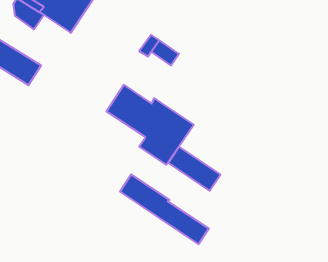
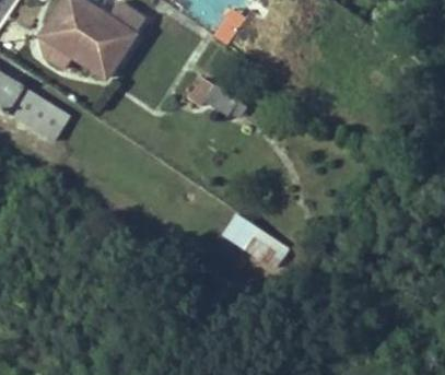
building: [107,85,194,165] -> none
building: [120,174,209,244] -> none

